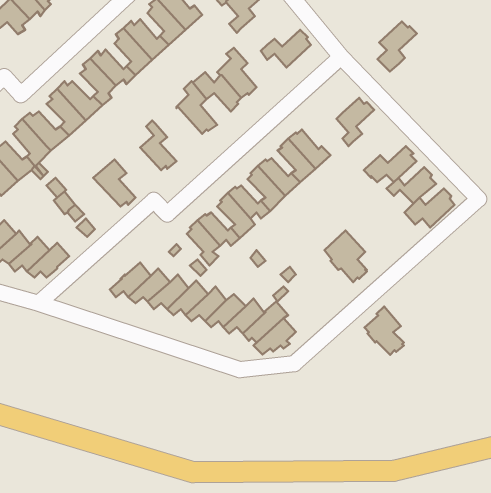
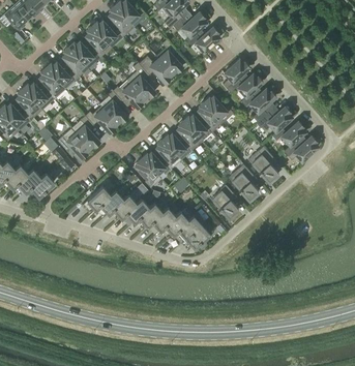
building: none -> [173,10,207,36]
building: [378,22,417,71] -> [224,58,250,92]
building: none -> [114,79,146,108]
building: none -> [249,87,276,121]
building: none -> [86,104,118,132]
building: none -> [58,127,90,157]
building: none -> [249,145,278,181]
building: [364,306,404,355] -> [212,183,239,216]

